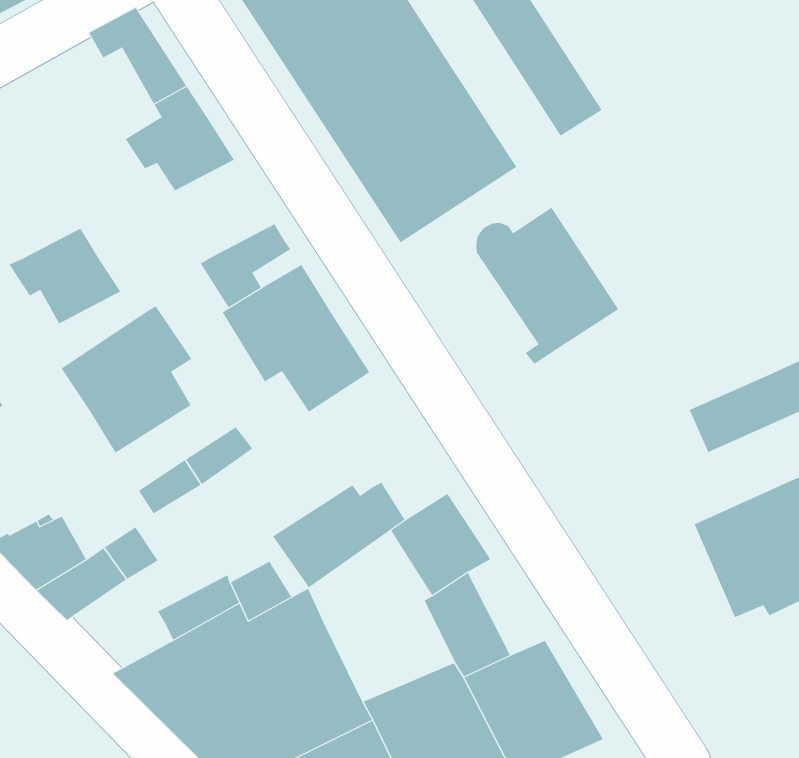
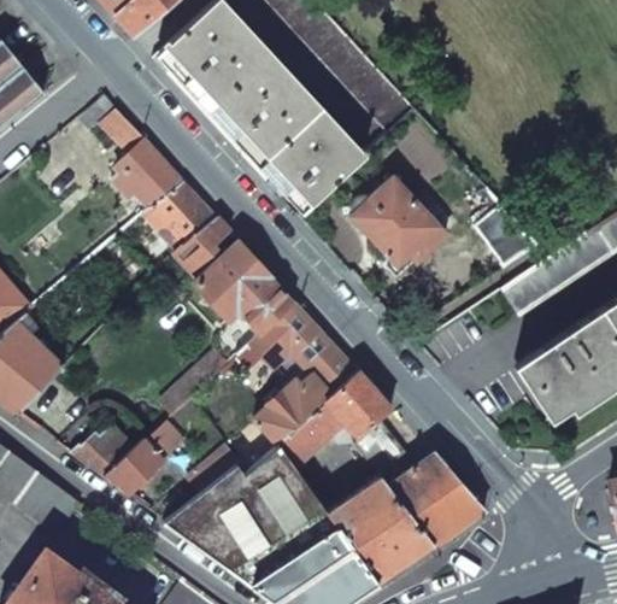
building: [8,228,121,324] -> [143,182,218,246]
building: [61,305,192,453] -> none
building: none -> [251,303,358,393]
building: none -> [280,401,345,470]

